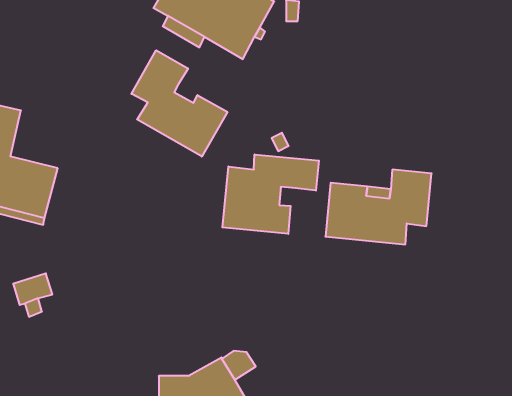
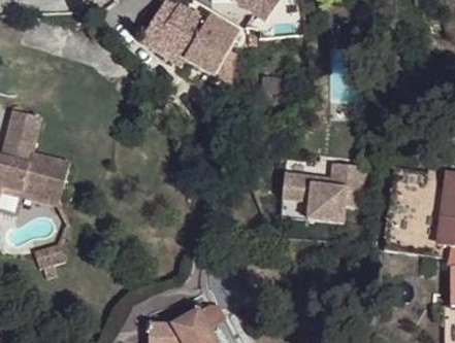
building: [131,50,227,157] -> none
building: [222,154,319,234] -> none

